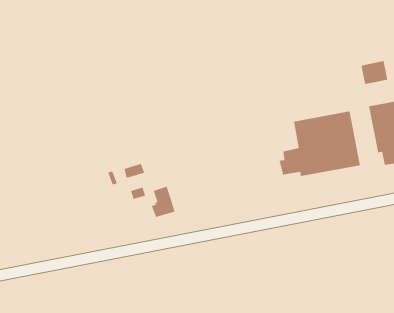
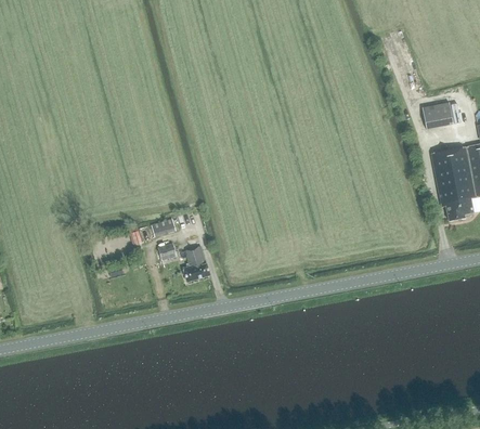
building: [279,110,361,177] -> none

